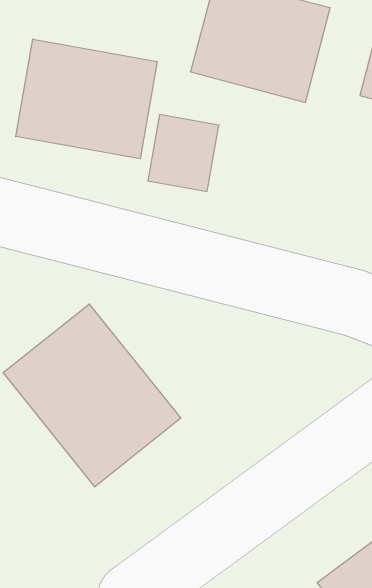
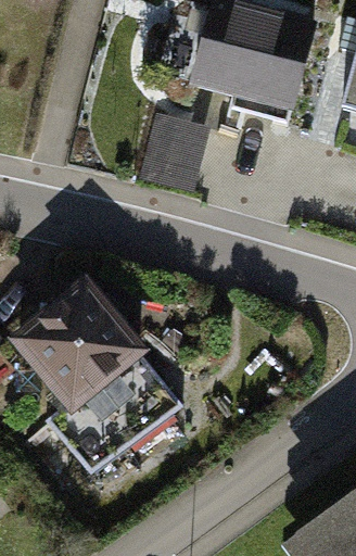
building: [16,39,157,159] -> none

